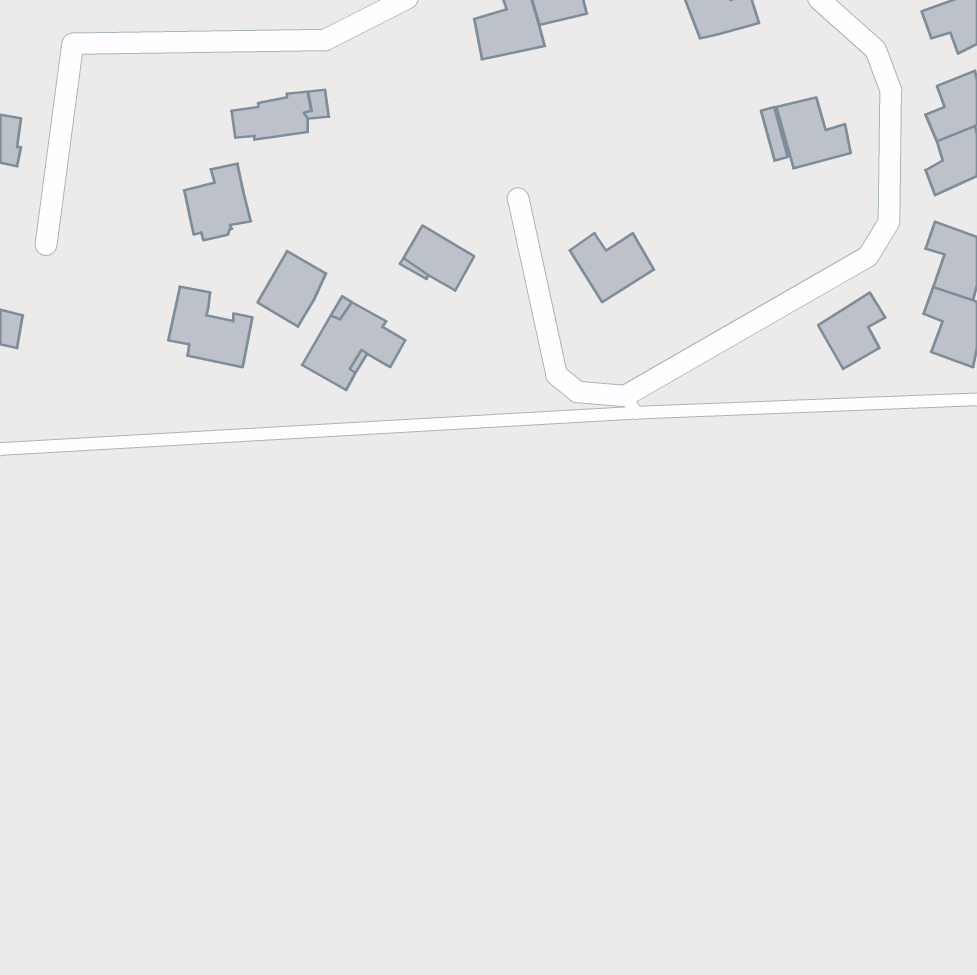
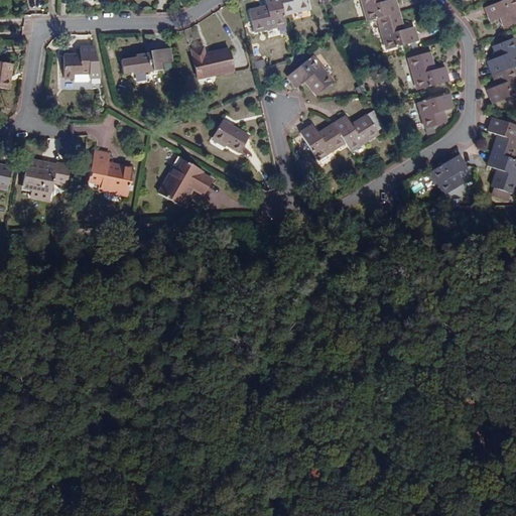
building: none -> [378,12,418,49]
building: none -> [191,45,235,79]
building: none -> [287,54,334,95]
building: [184,164,251,240] -> [67,45,102,86]
building: none -> [418,93,454,128]
building: none -> [334,113,379,150]
building: [258,251,326,327] -> none
building: none -> [23,158,71,199]

